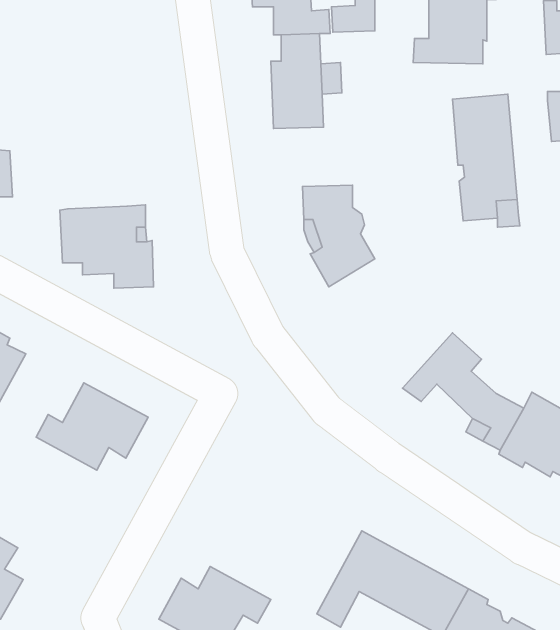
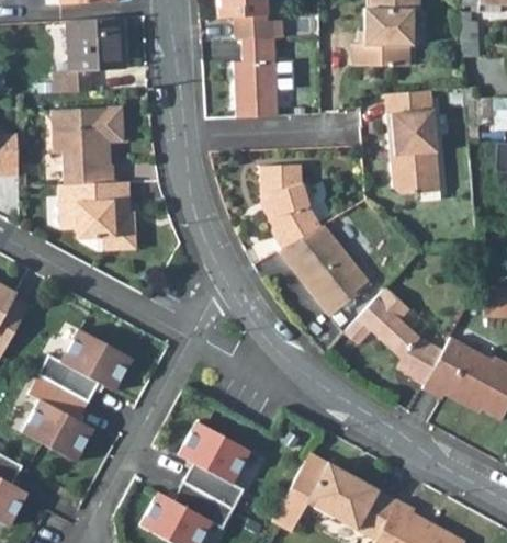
building: none -> [54,16,125,92]
building: none -> [52,106,124,184]
building: none -> [279,225,369,316]
building: none -> [22,374,93,462]
building: none -> [179,421,250,509]

